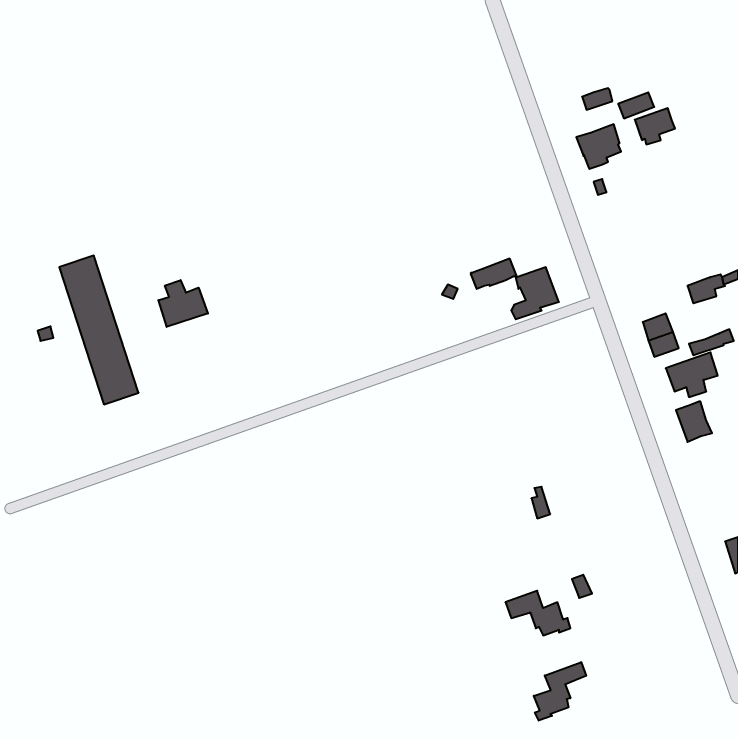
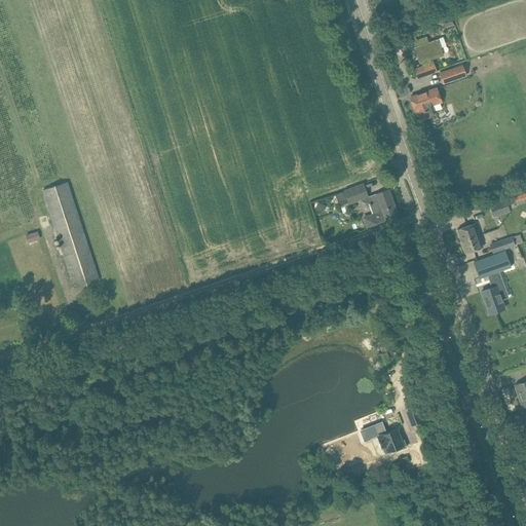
building: [635,108,675,144] -> [414,40,443,66]
building: [158,280,208,327] -> none
building: [534,662,586,721] -> none

